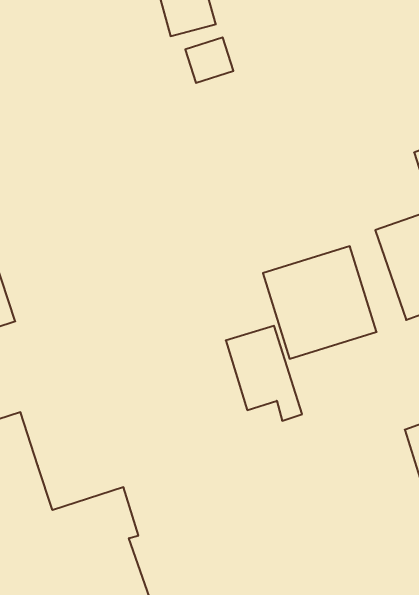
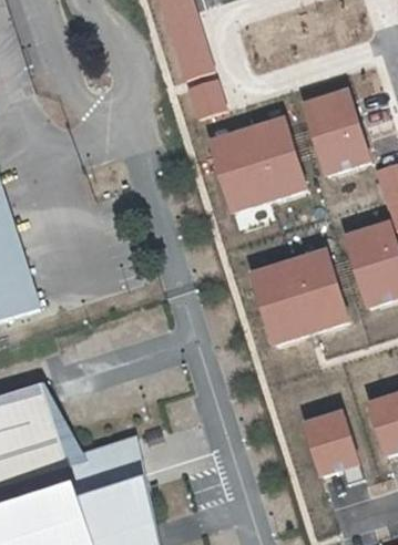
building: none -> [303,86,367,172]
building: none -> [208,115,303,213]
building: [226,326,302,421] -> [302,408,365,486]

